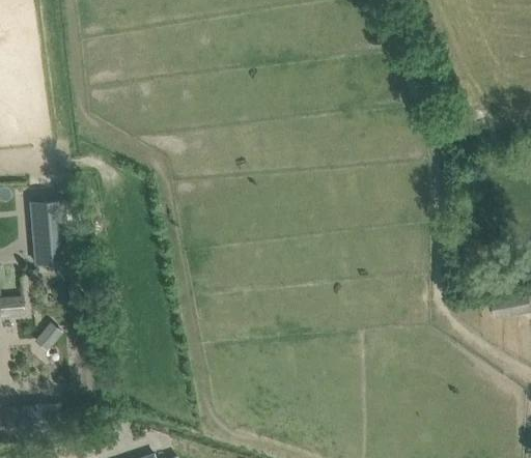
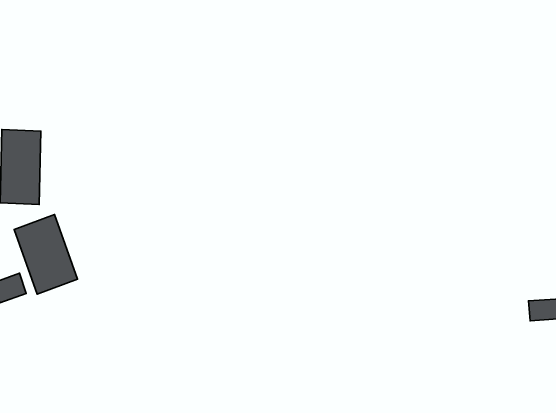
building: none -> [14,214,77,294]

